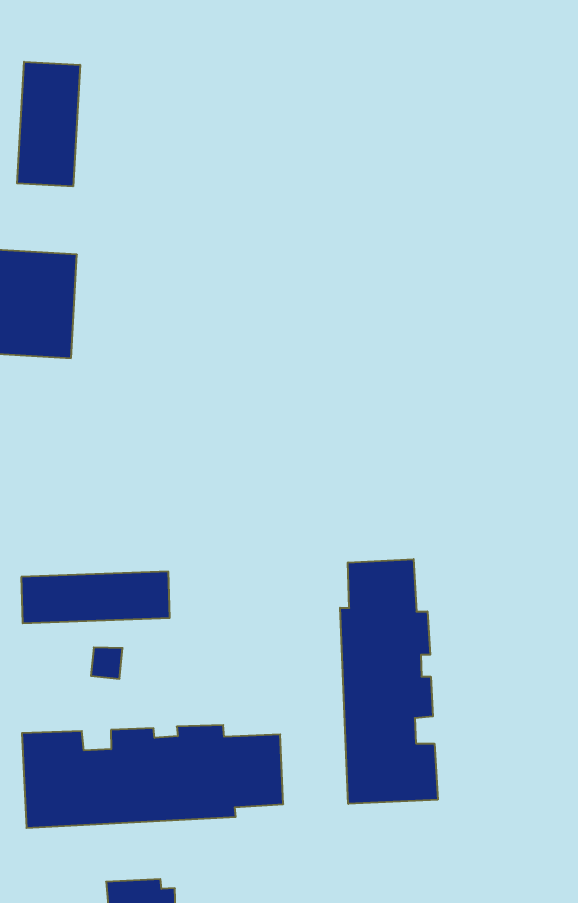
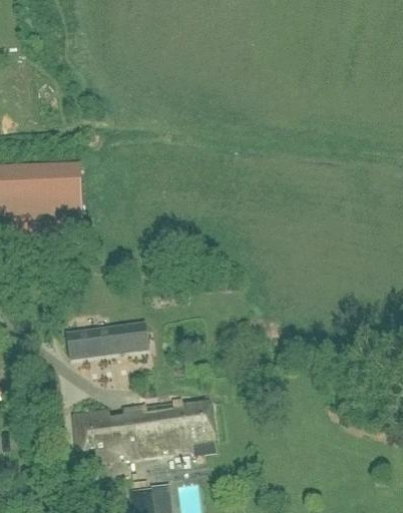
building: [17,62,80,186] -> none
building: [340,559,438,804] -> none

